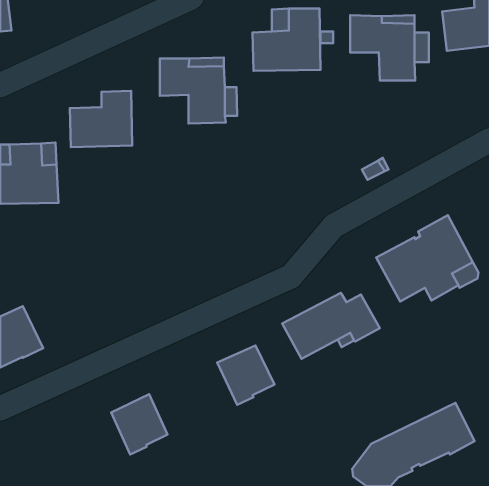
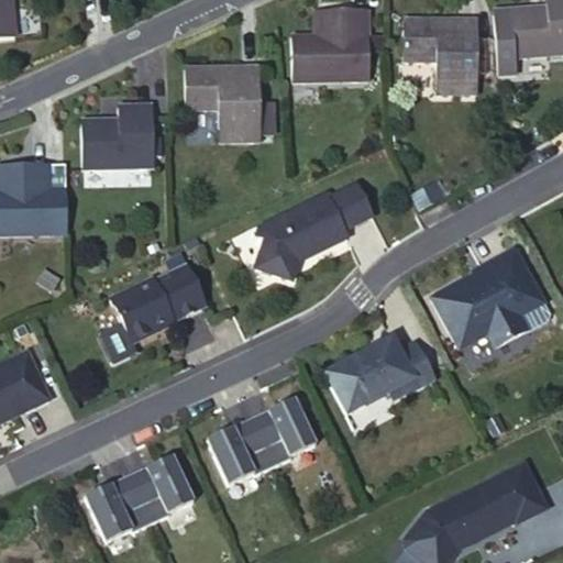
building: none -> [255,189,374,282]
building: none -> [110,266,205,344]
building: none -> [207,417,273,484]
building: none -> [84,474,150,540]

